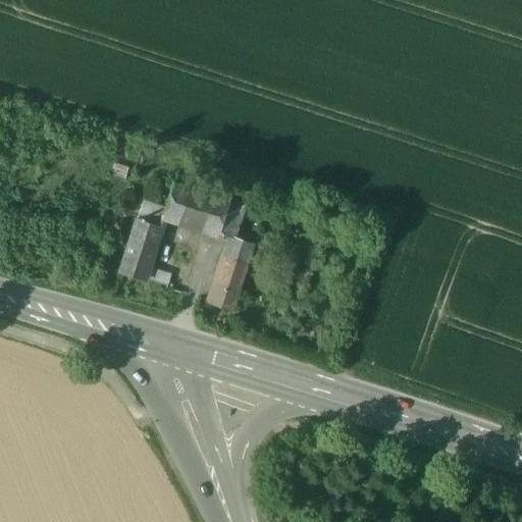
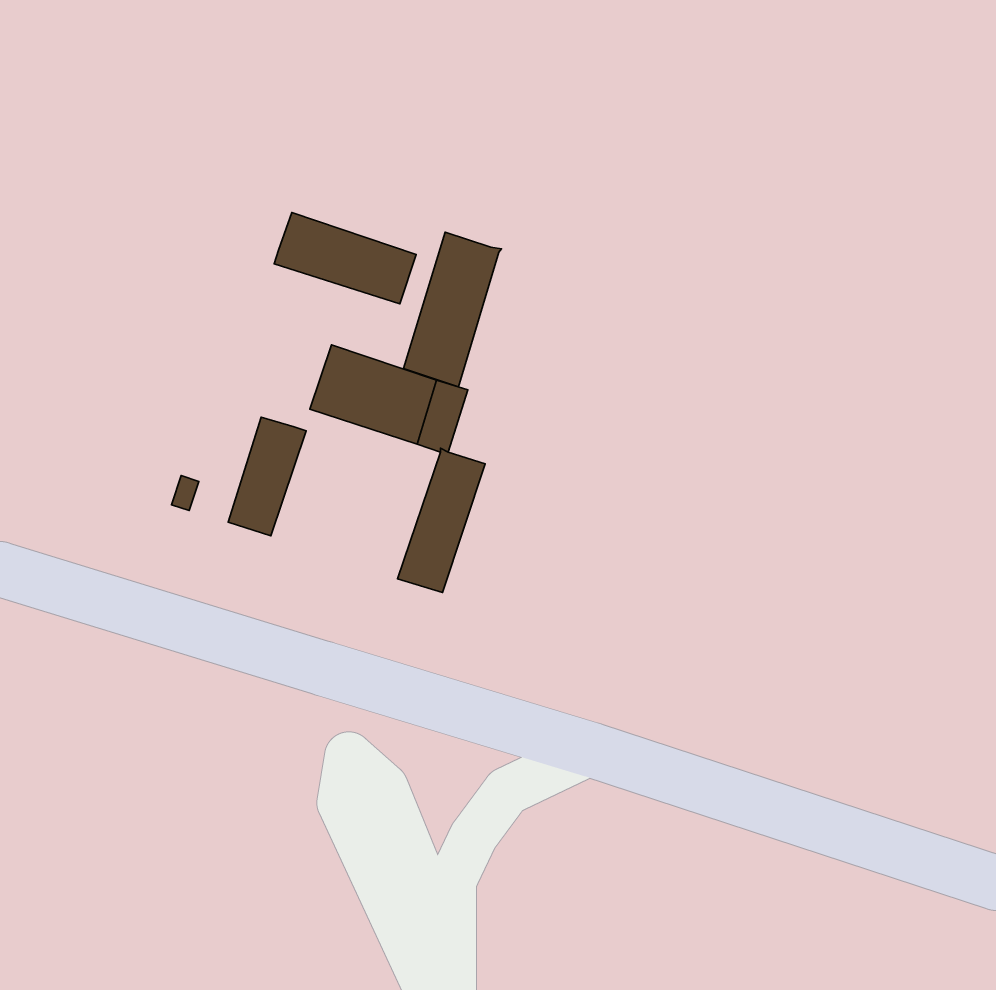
building: none -> [274,213,416,304]
building: none -> [403,232,501,387]

